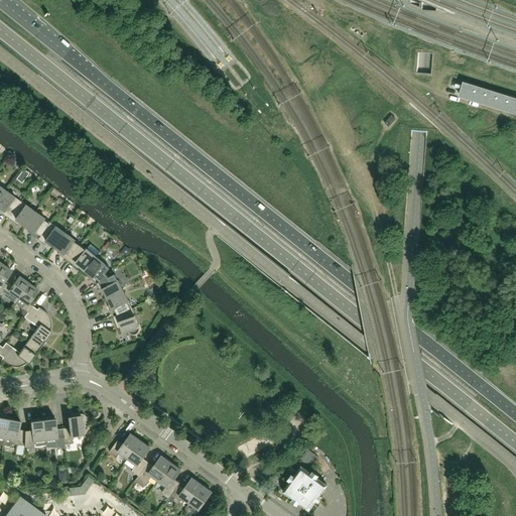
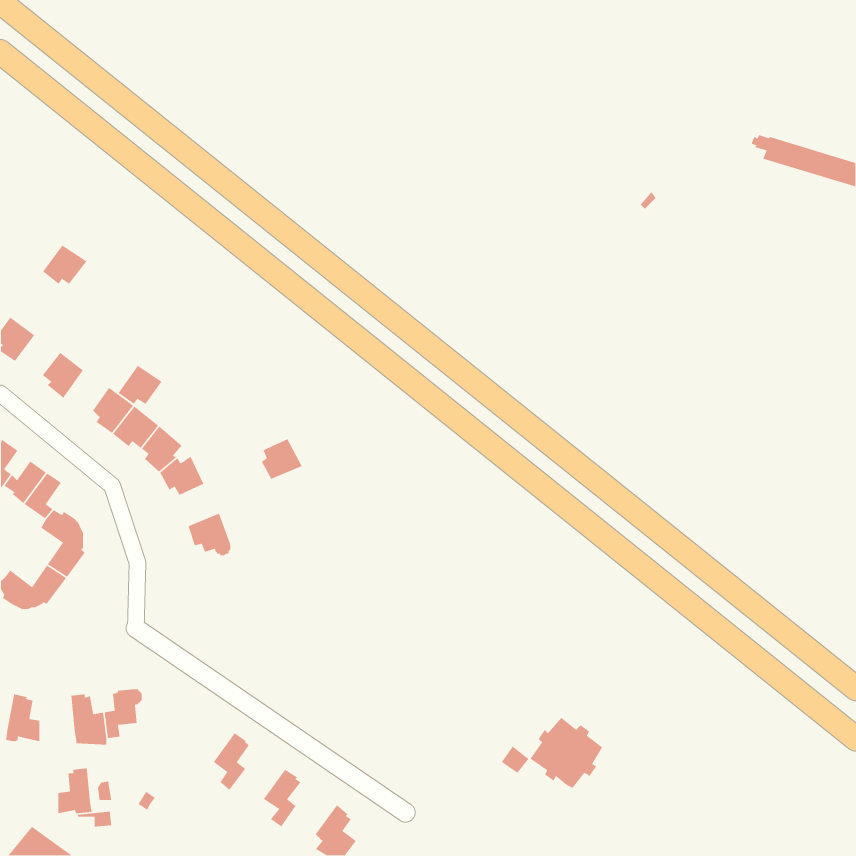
building: [9,202,36,226] -> [42,245,87,285]
building: [38,223,66,247] -> [117,365,163,405]
building: [107,291,132,316] -> [261,438,303,480]
building: [24,418,45,446] -> [57,767,93,814]
building: [110,434,141,459] -> none
building: [135,456,171,487] -> none
building: [282,467,327,510] -> [529,717,603,789]
building: [169,478,203,505] -> none

